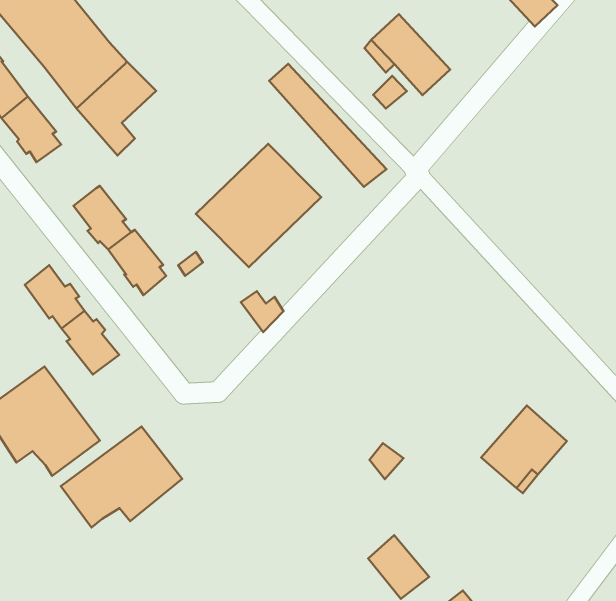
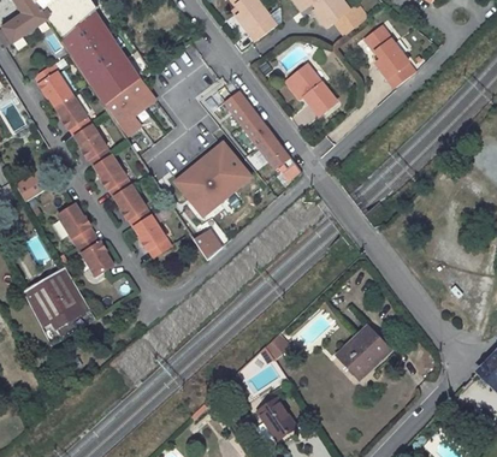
building: none -> [73,126,110,167]
building: none -> [132,216,171,259]
building: [61,426,182,528] -> none

